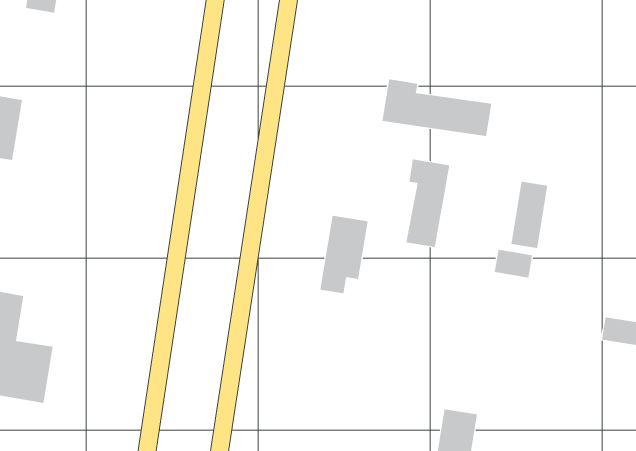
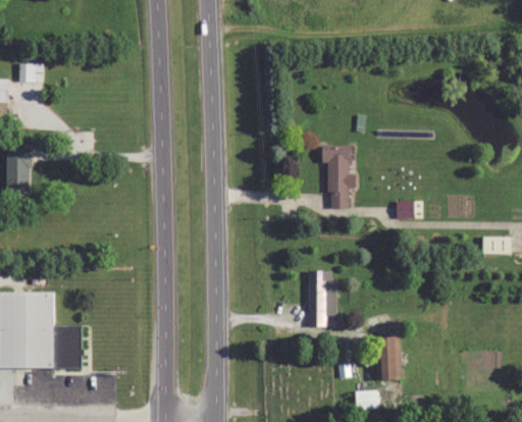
building: [382,78,492,137] -> none
building: [511,181,548,249] -> none
building: [320,215,368,294] -> [308,270,335,326]

